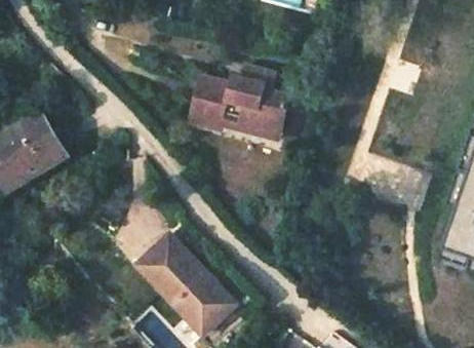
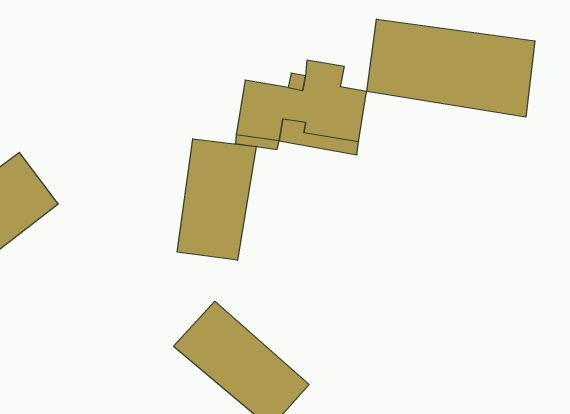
building: none -> [367,19,535,117]
building: none -> [177,139,256,260]

